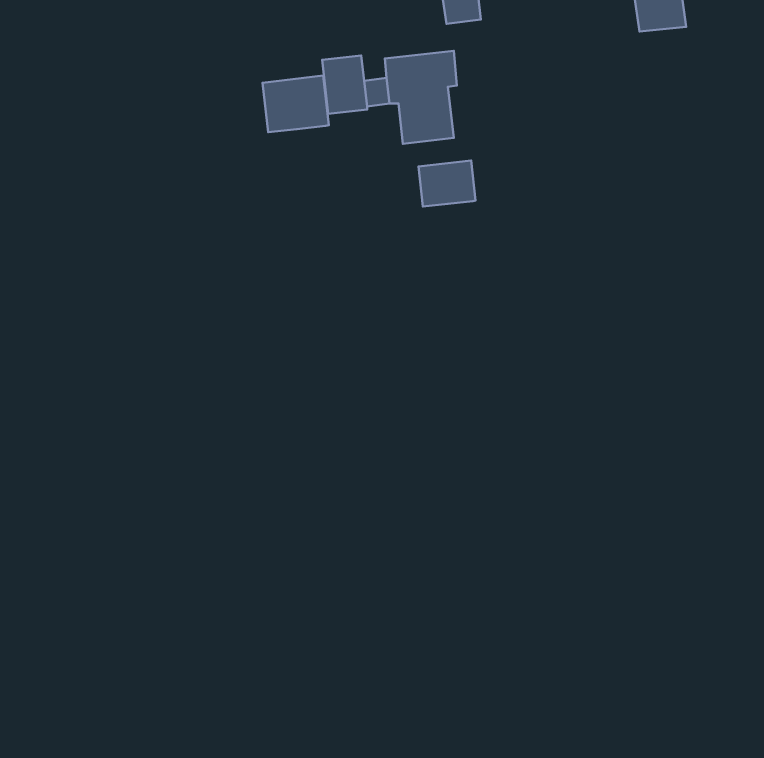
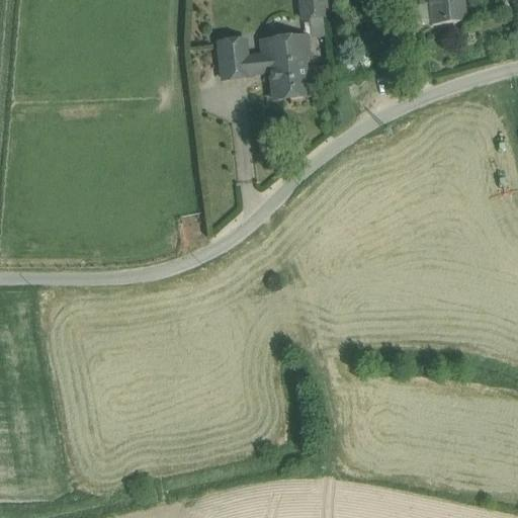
building: [263,76,329,132] -> none
building: [419,161,476,207] -> none

